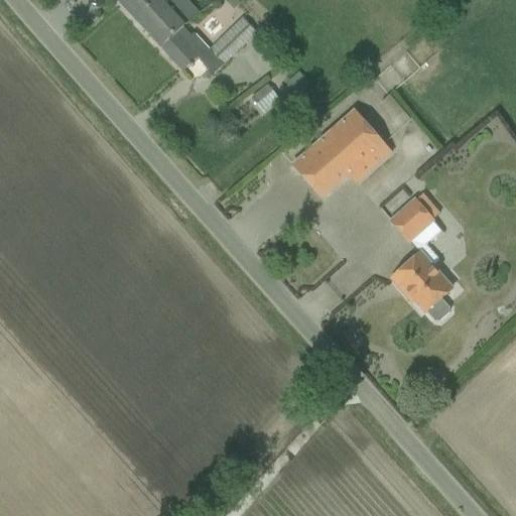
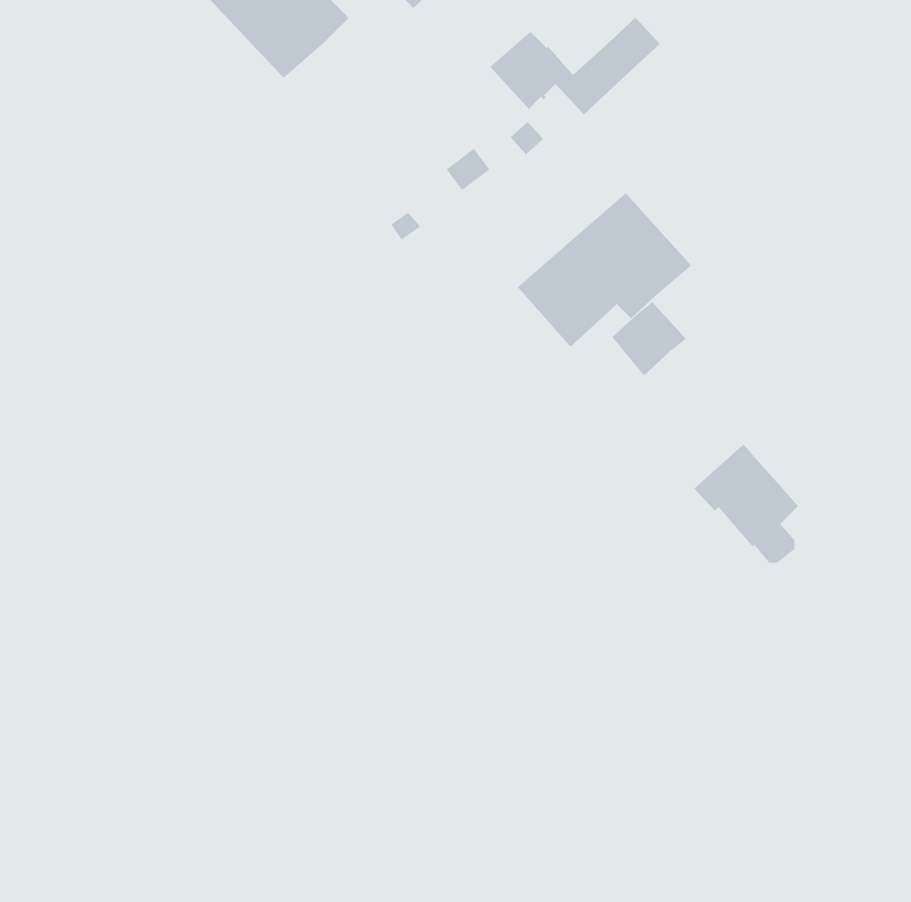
building: [160,16,257,72] -> [489,17,661,115]
building: [391,198,433,240] -> [612,302,686,376]

